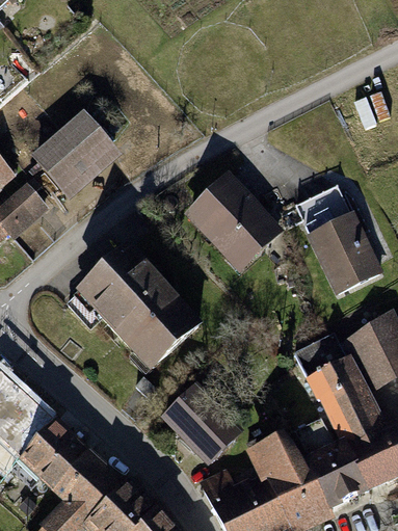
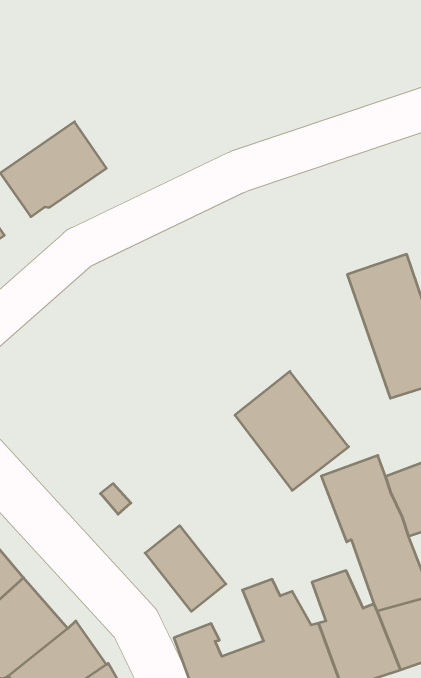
building: [192,180,277,266] -> [235,371,349,490]
building: [69,249,198,368] -> none

